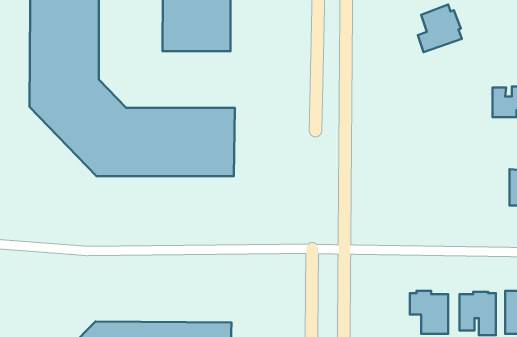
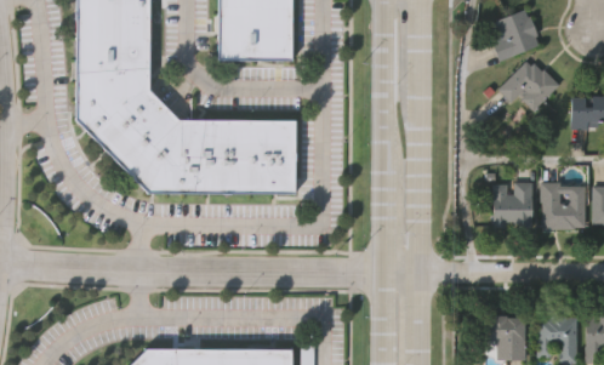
building: none -> [496,58,559,108]
building: none -> [491,181,531,227]
building: none -> [540,182,585,230]

